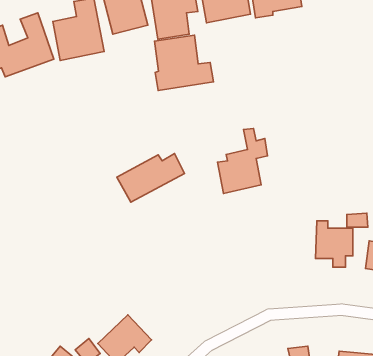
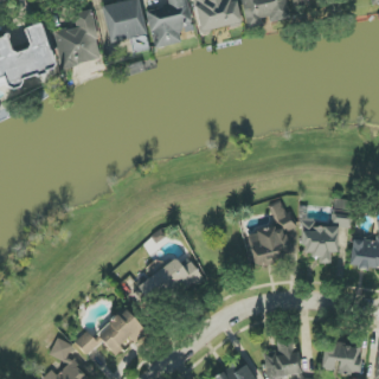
building: [155,35,214,90] -> none
building: [217,128,267,193] -> [248,203,295,264]
building: [117,153,185,202] -> [137,259,201,306]

